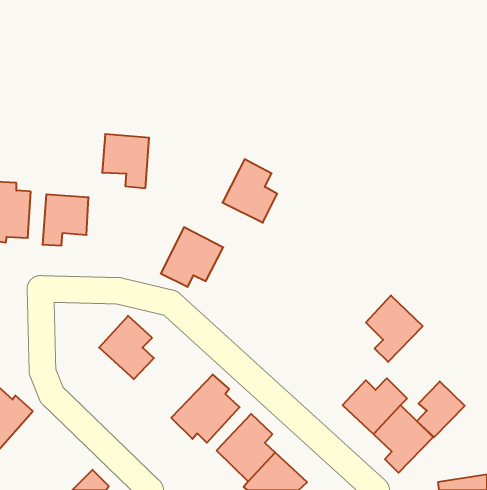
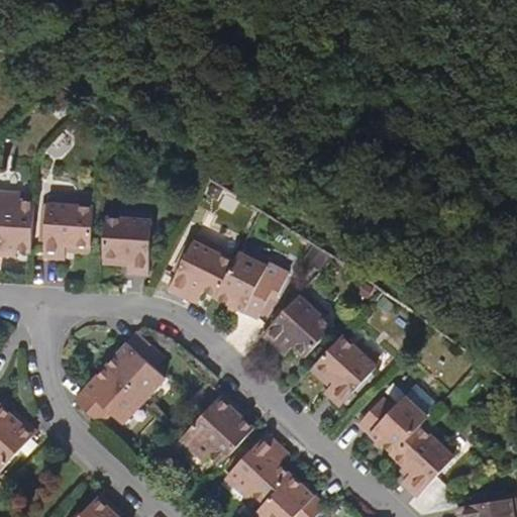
building: [102,134,149,188] -> [103,216,152,273]
building: [222,159,277,223] -> [216,249,274,316]
building: none -> [262,296,330,355]
building: [366,295,423,362] -> [314,336,374,406]
building: none -> [73,365,140,421]
building: [417,381,465,437] -> none

